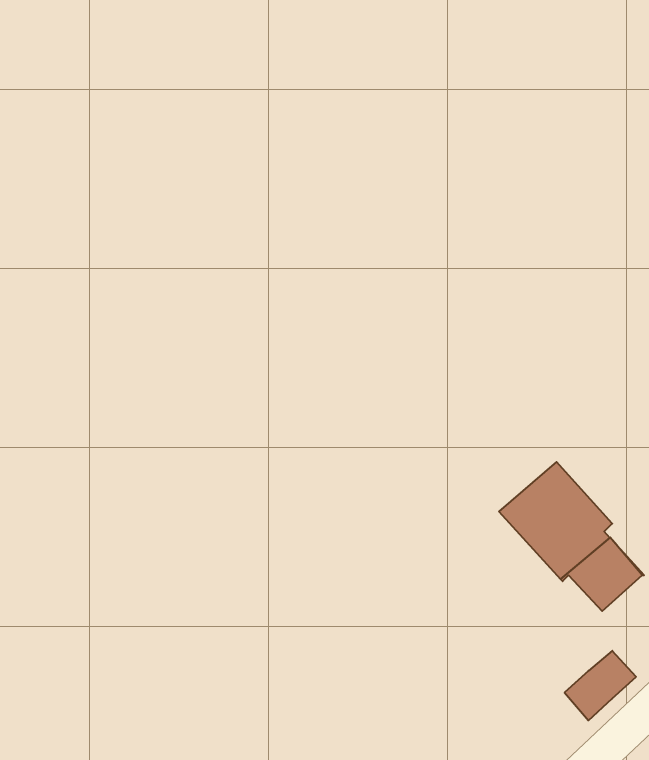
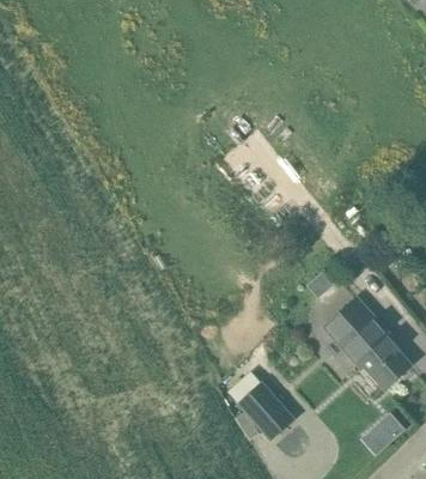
building: none -> [226,369,293,439]

